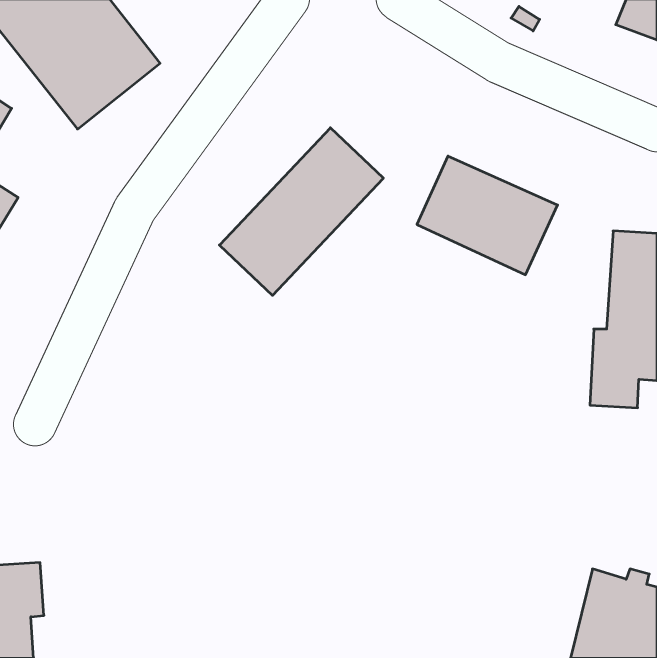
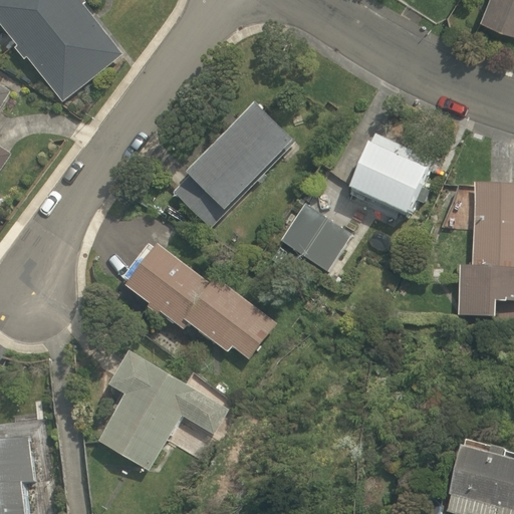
building: none -> [282,204,353,273]
building: none -> [122,237,274,358]
building: none -> [93,349,230,472]

